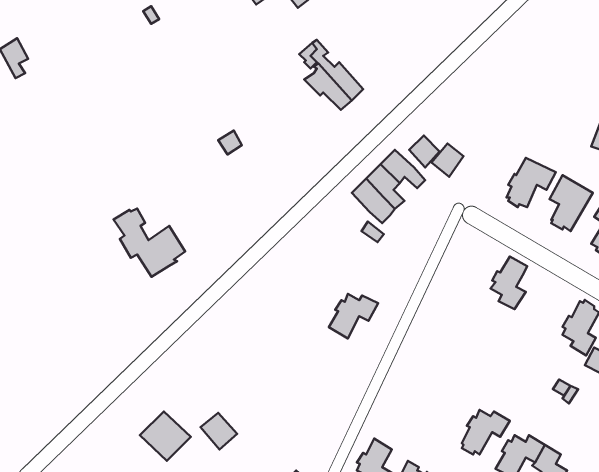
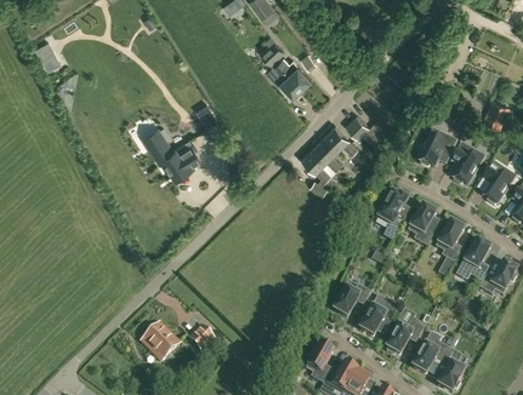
building: [113,208,185,277] -> [146,125,200,177]
building: none -> [375,190,408,240]
building: none -> [436,221,464,262]
building: [329,294,378,338] -> [332,284,370,317]
building: none -> [359,303,397,336]

